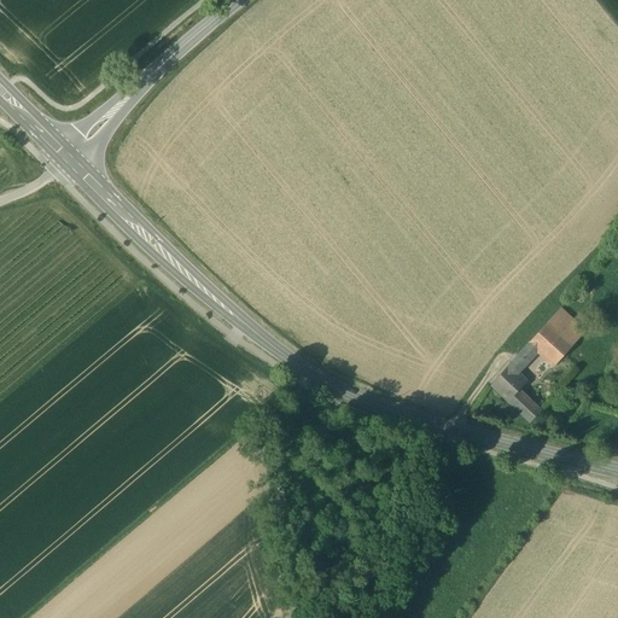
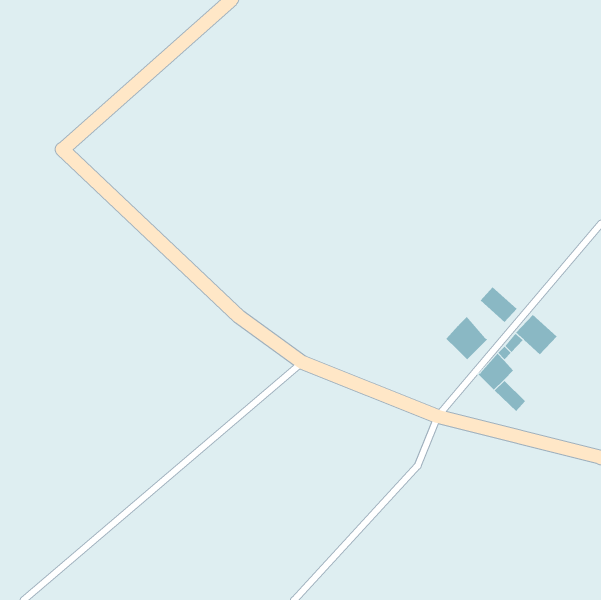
building: [547,308,585,345] -> [480,286,517,323]
building: none -> [446,316,488,360]

